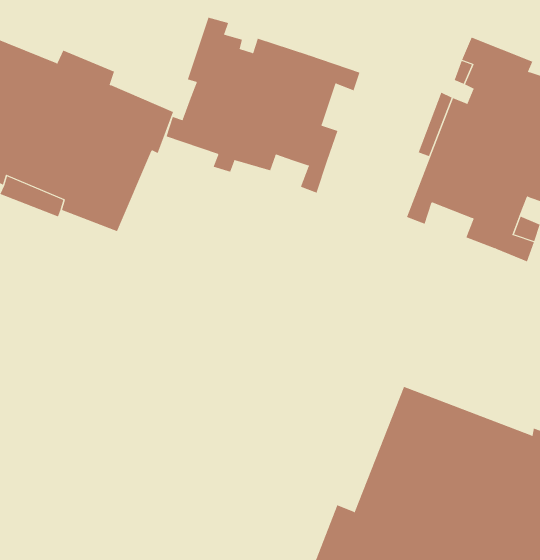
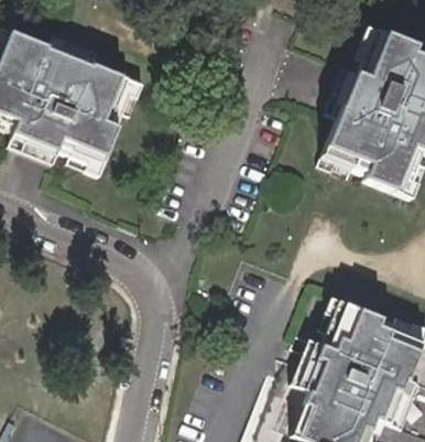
building: [166,17,360,194] -> none

